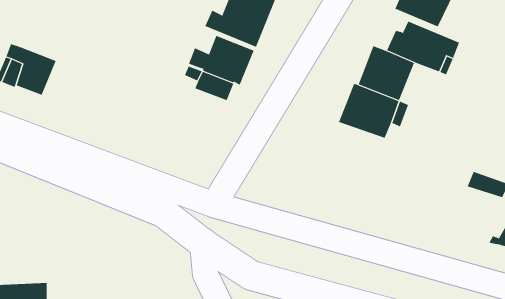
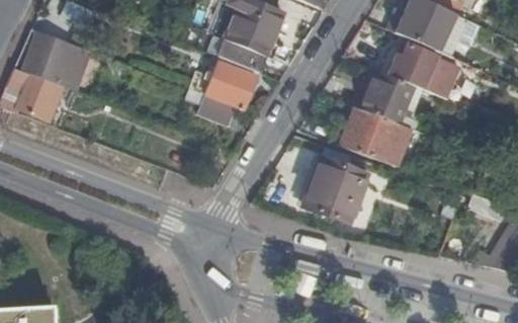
building: none -> [25,28,91,88]
building: none -> [305,156,368,222]

